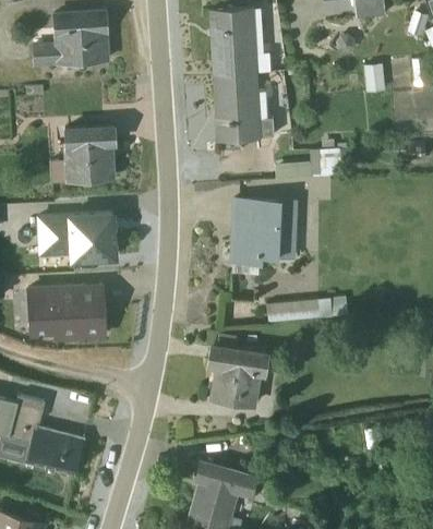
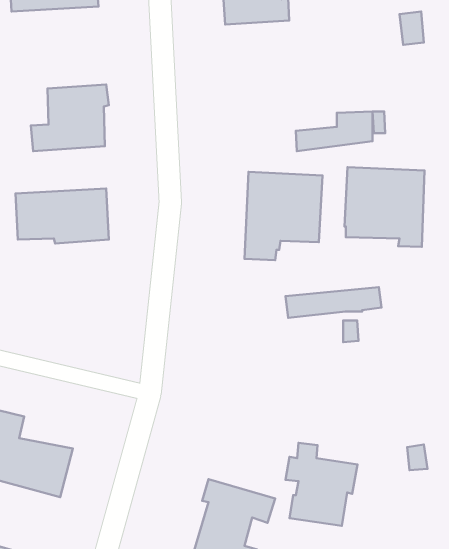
building: [215,72,273,139] -> none
building: none -> [345,167,425,247]
building: [28,286,105,338] -> none
building: [208,335,269,406] -> [286,443,357,526]

